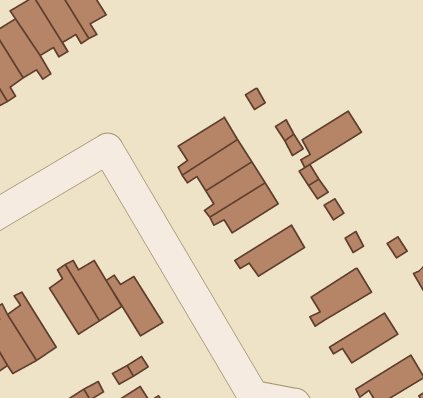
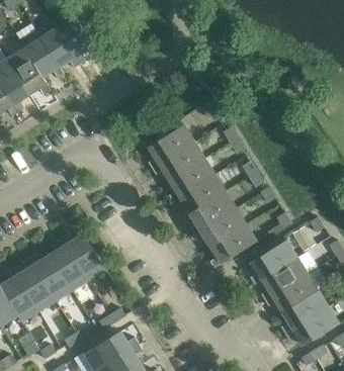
building: [301,111,361,168] -> [189,190,236,234]
building: none -> [209,223,257,267]
building: [106,275,163,336] -> [28,254,72,300]
building: none -> [261,258,308,300]
building: none -> [281,290,328,333]

